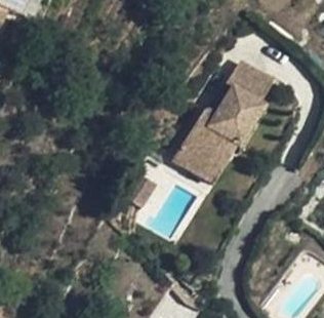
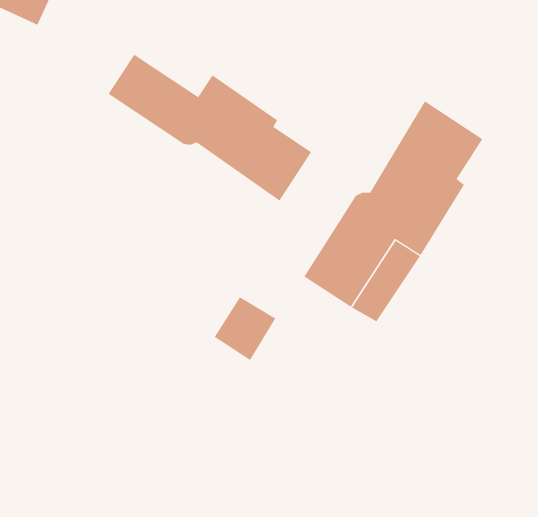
building: none -> [108,54,312,201]

